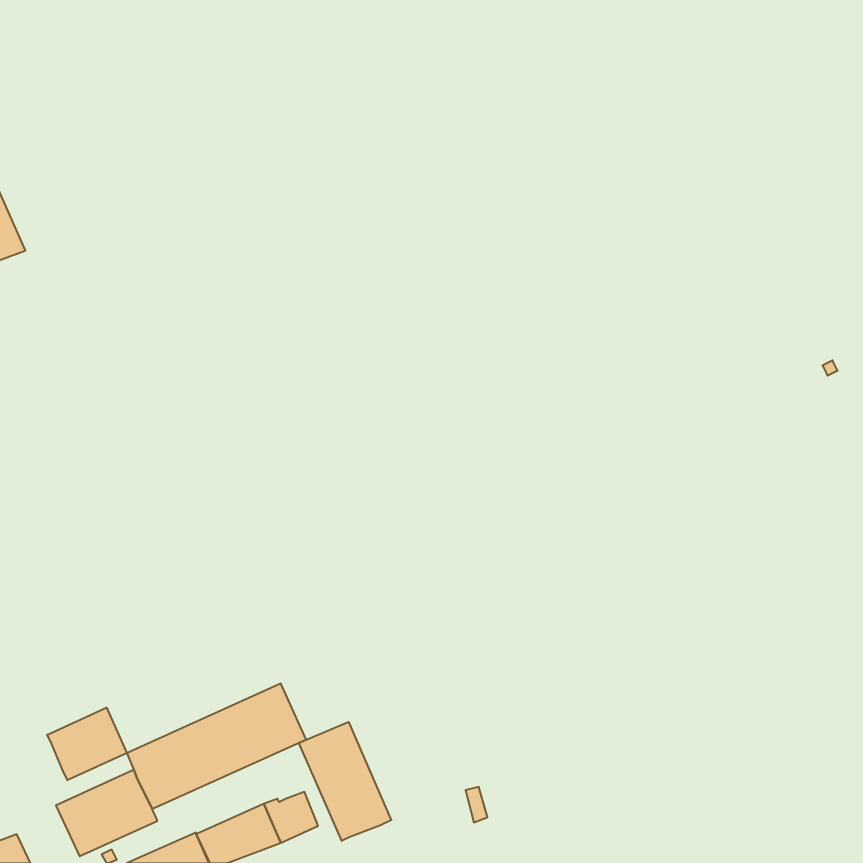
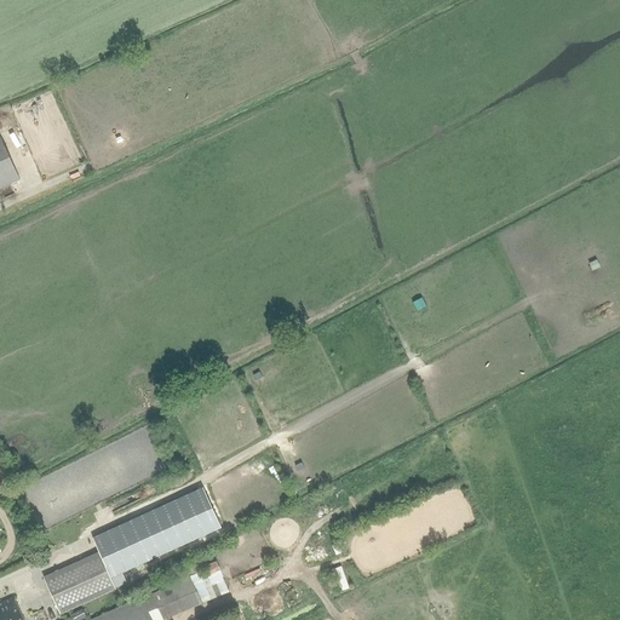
building: [47,708,127,780] -> none
building: [299,722,391,841] -> none

